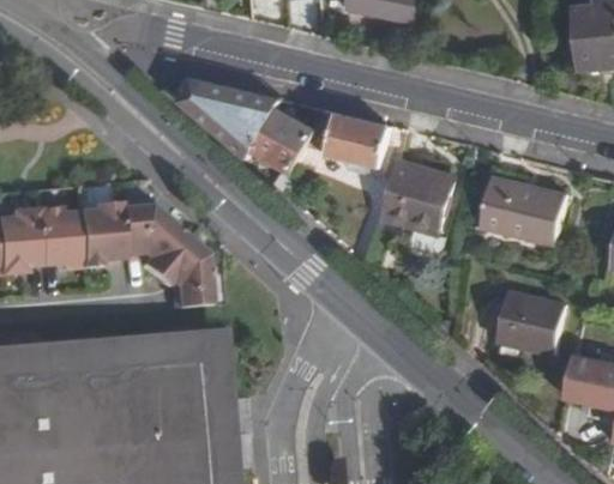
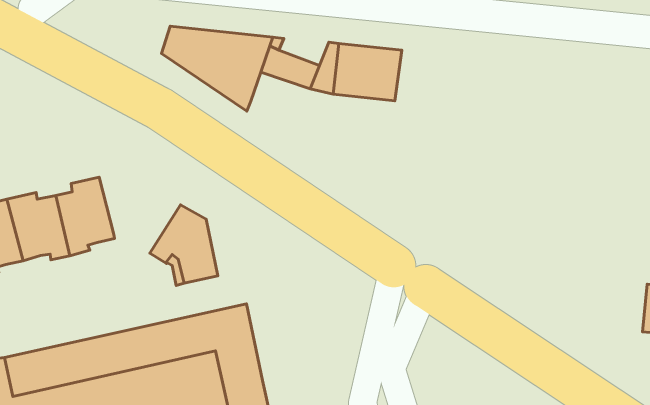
building: [253,128,306,175] -> none
building: [379,159,457,236] -> none
building: [481,176,566,244] -> none
building: [113,198,180,272] -> none
building: [498,292,566,356] -> none

